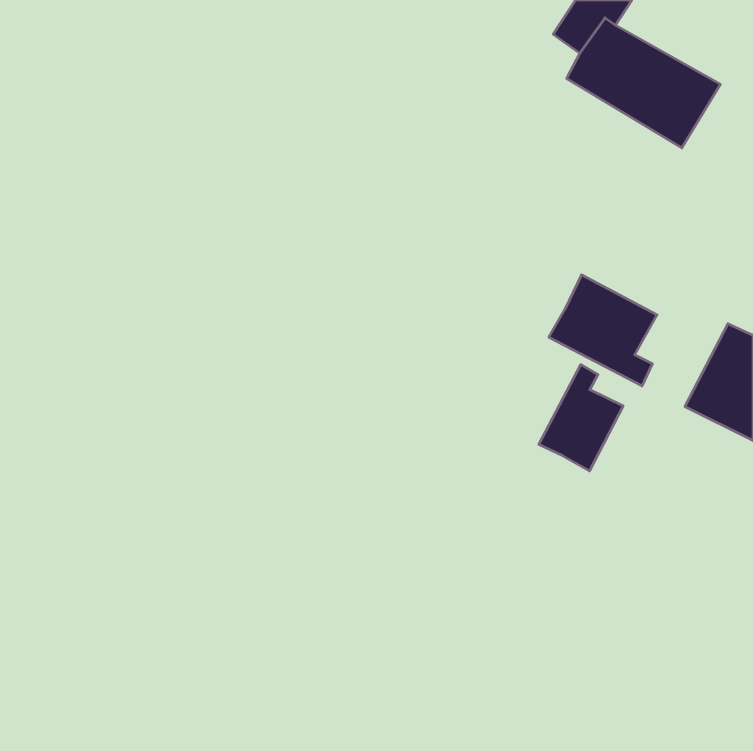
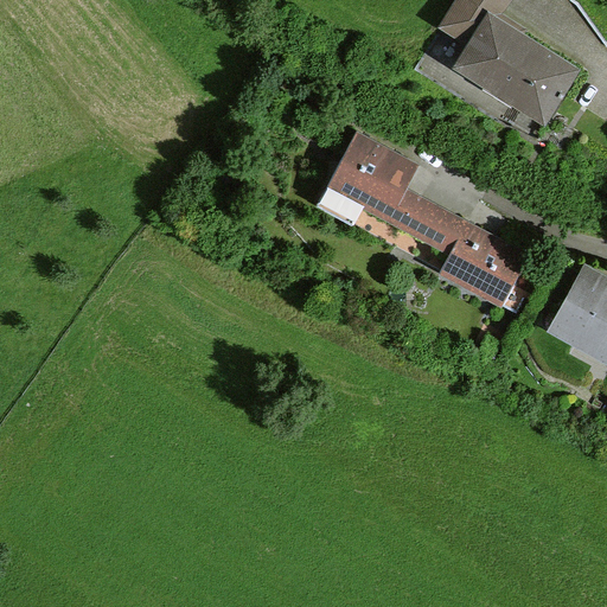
building: none -> [319,133,466,251]
building: [539,365,623,471] -> none

